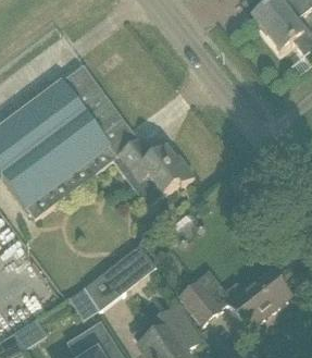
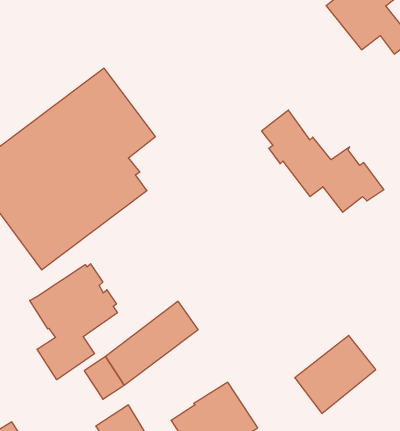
building: [101,116,195,195] -> [262,110,384,212]
building: none -> [30,264,117,380]
building: [178,280,221,323] -> none

